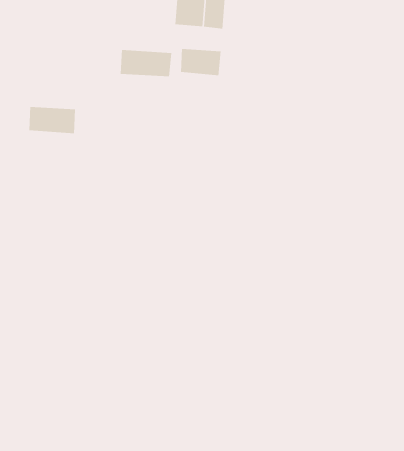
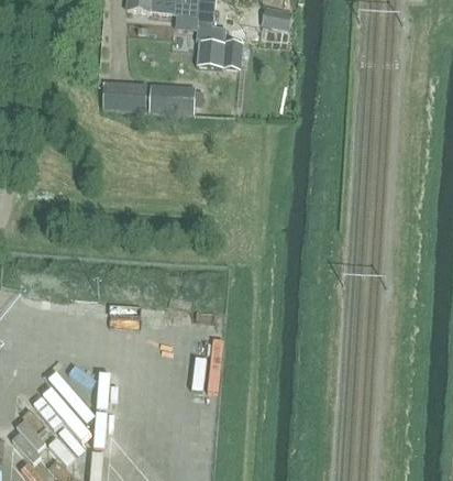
building: [180,48,221,76] -> none
building: [28,107,76,134] -> [102,83,146,108]

